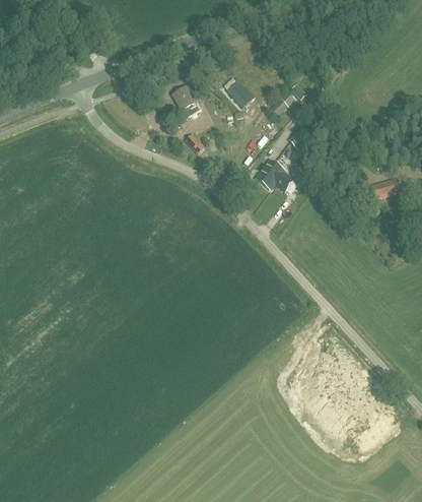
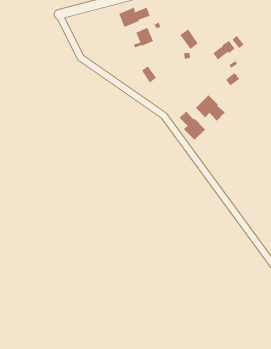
building: none -> [118,7,150,28]
building: none -> [179,111,206,141]

